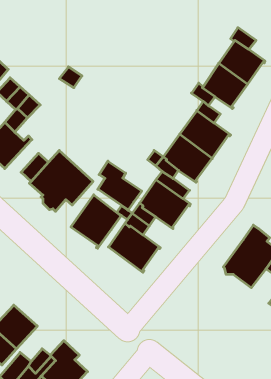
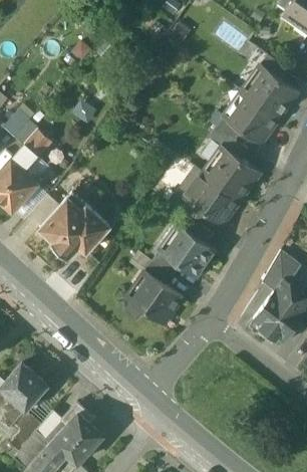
building: [98,161,142,210] -> none
building: [71,195,121,248] -> none
building: none -> [263,252,301,291]

